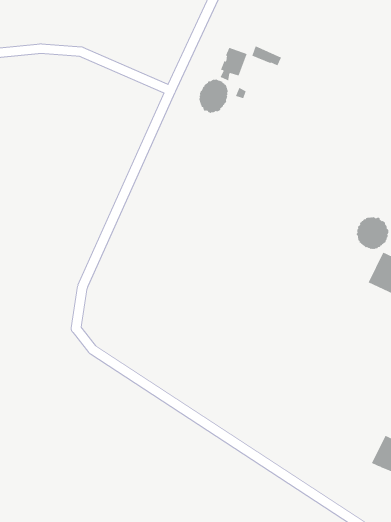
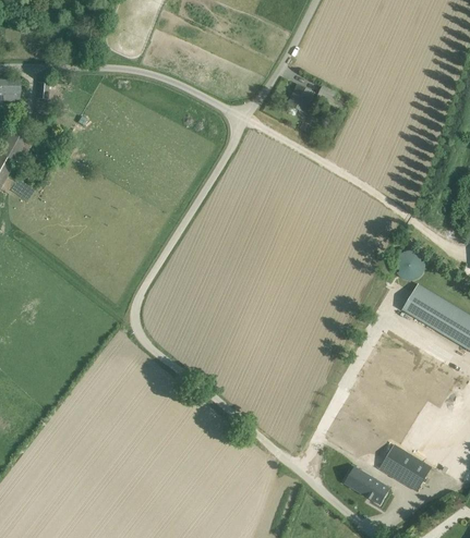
building: [199,79,228,114] -> none
building: none -> [346,469,393,508]

